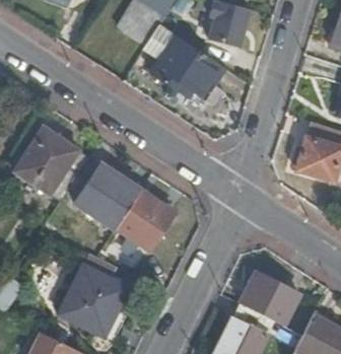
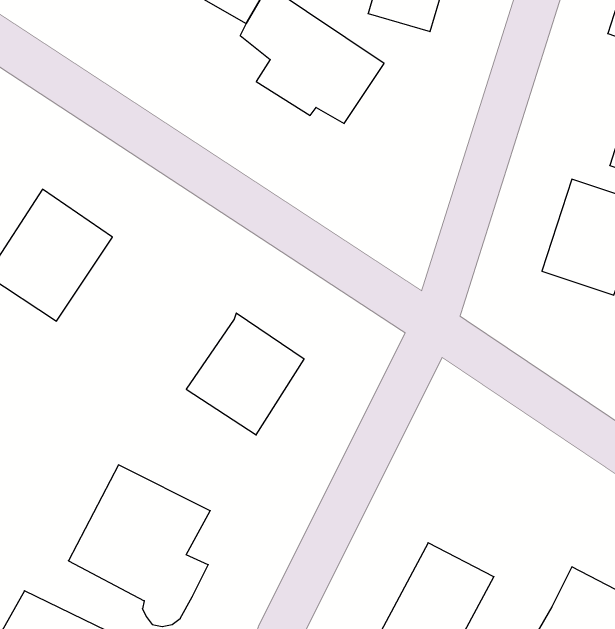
building: [75,165,140,231] -> none
building: [238,274,297,328] -> none

